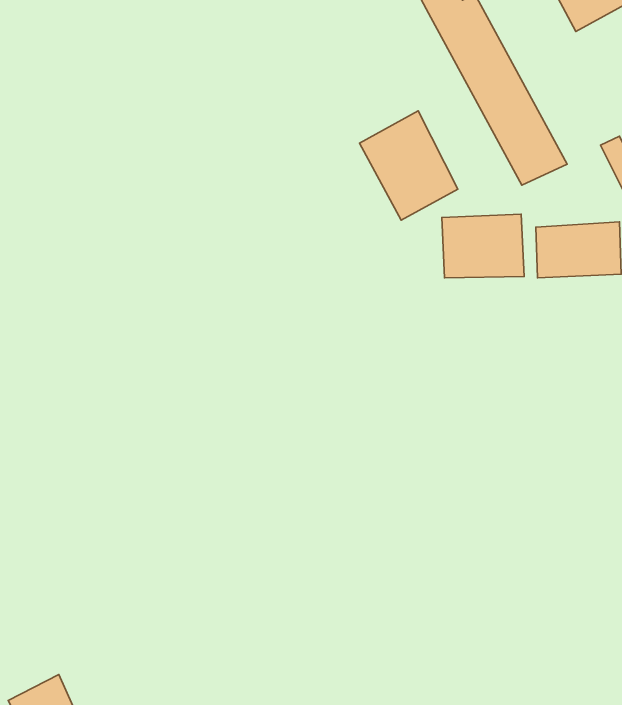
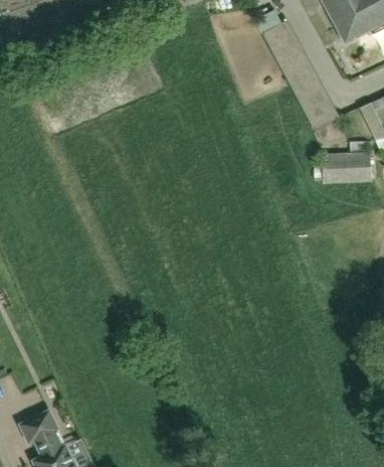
building: [359,111,458,220] -> none
building: [442,214,524,278] -> none

